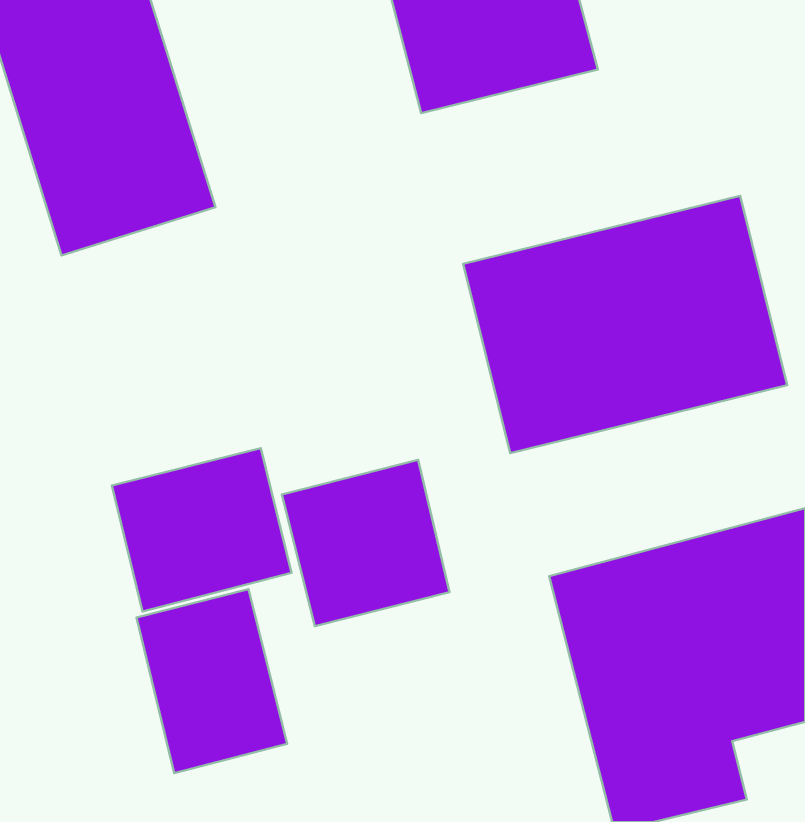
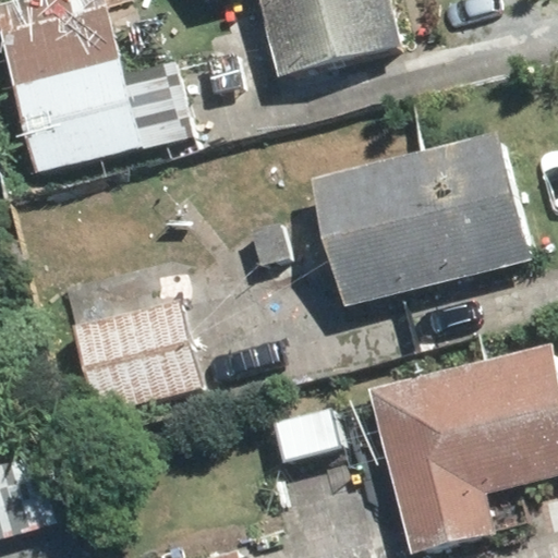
building: [282,460,449,626] -> none
building: [137,589,287,773] -> none

